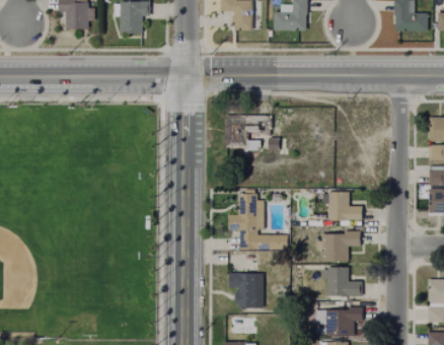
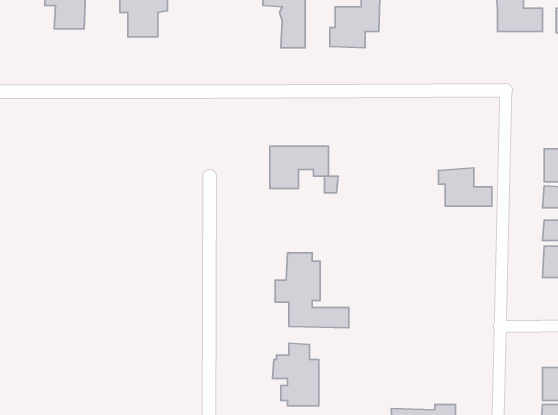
building: [323,192,363,220] -> [438,168,492,206]
building: [318,231,361,261] -> none
building: [322,267,362,297] -> none

